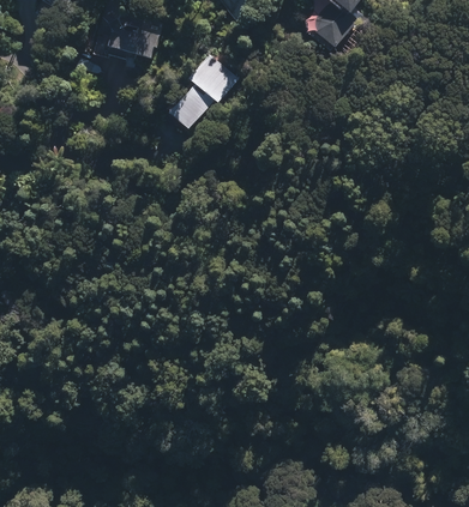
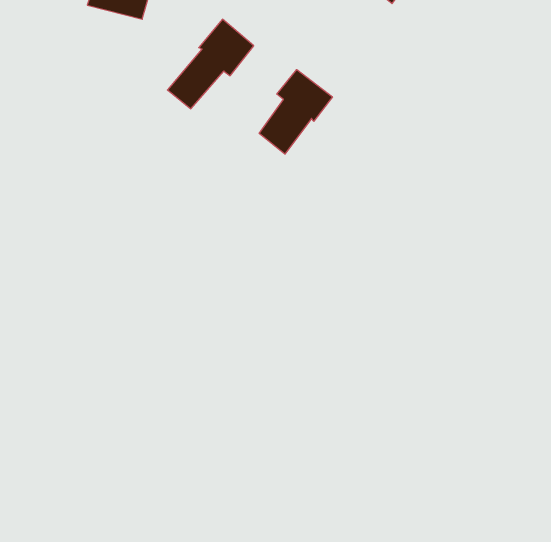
building: none -> [259,70,332,154]

